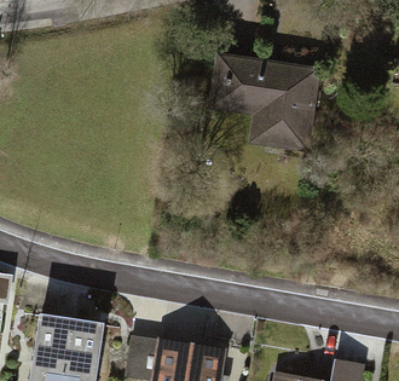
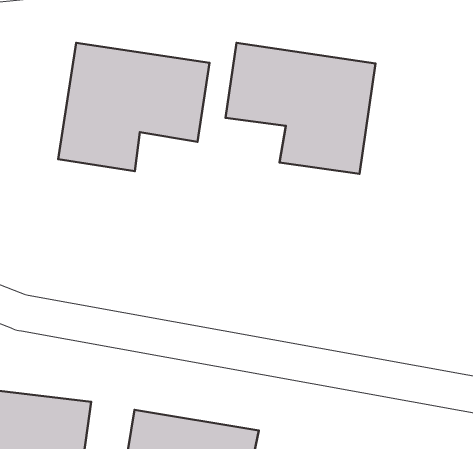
building: none -> [58,43,209,171]

